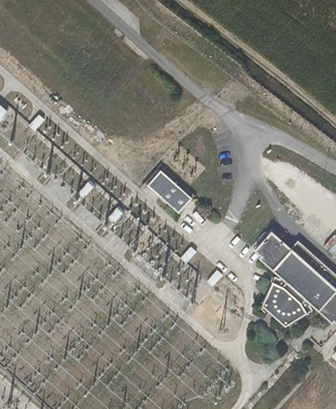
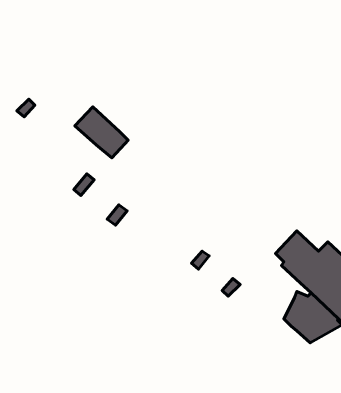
building: [146,170,192,215] -> [75,107,128,158]

